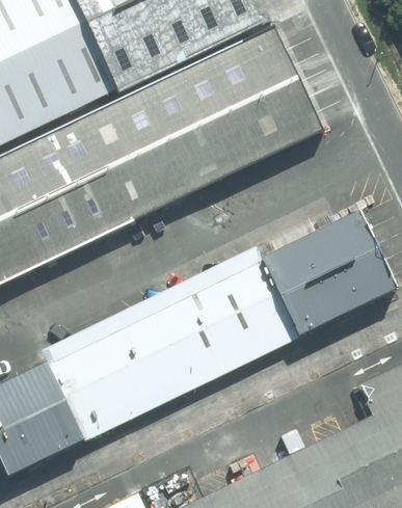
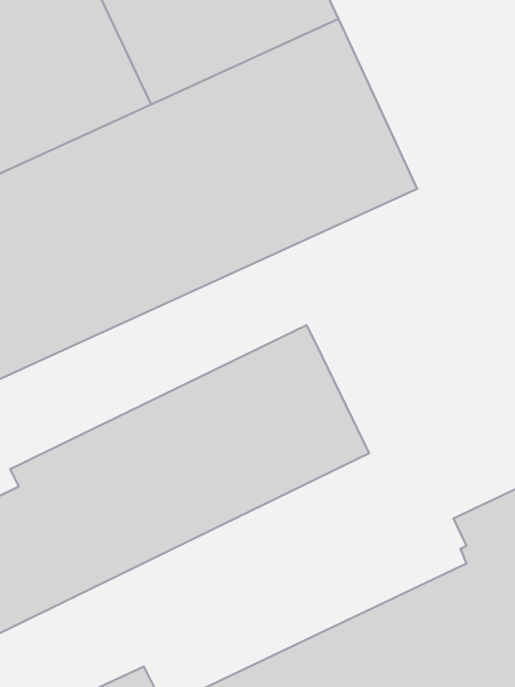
building: [258,215,391,339] -> none

